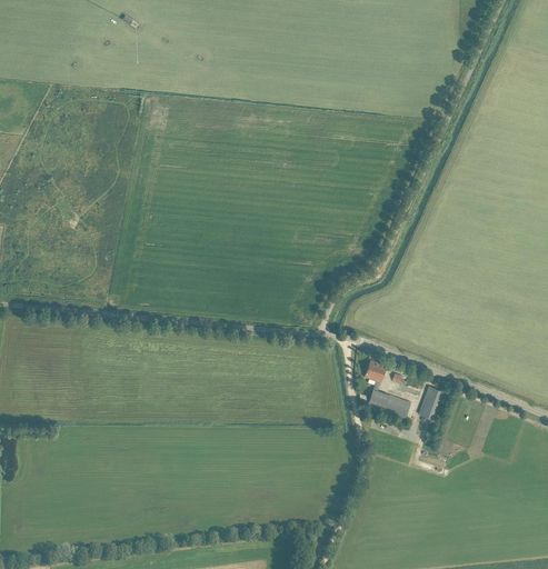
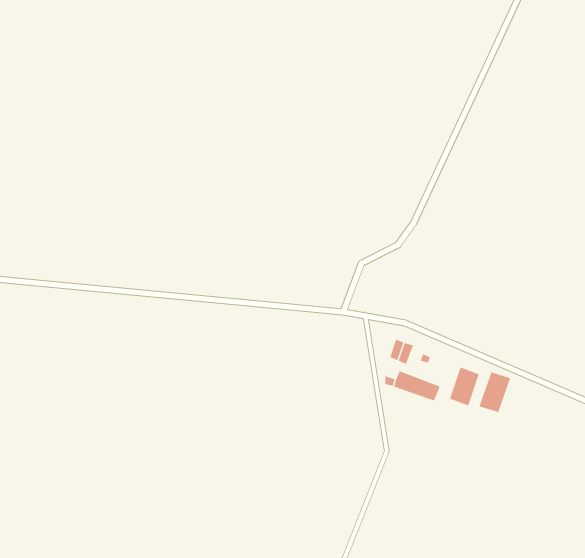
building: none -> [479,372,511,413]

